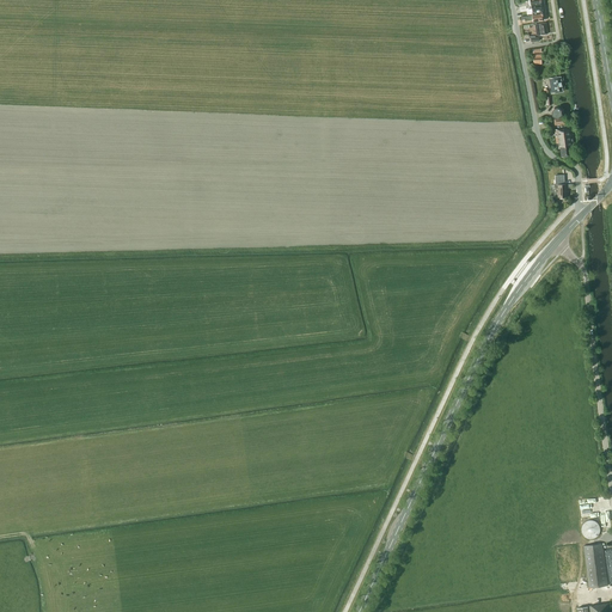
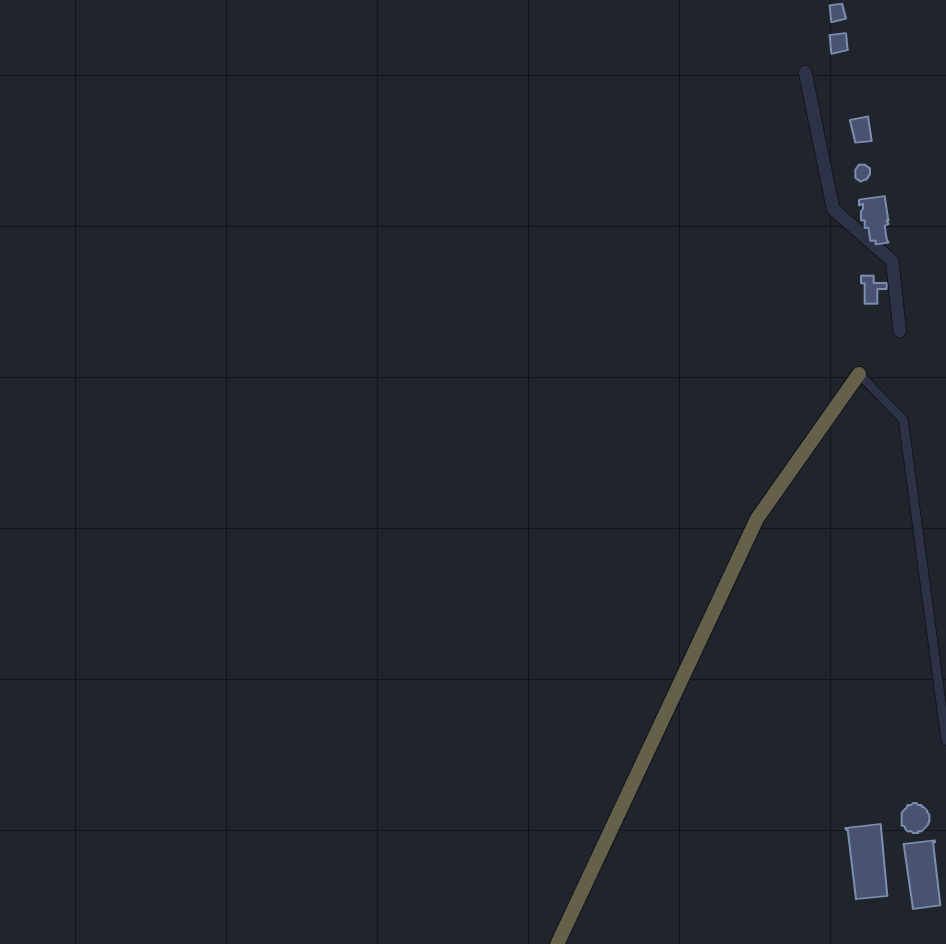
building: none -> [845,824,887,899]

